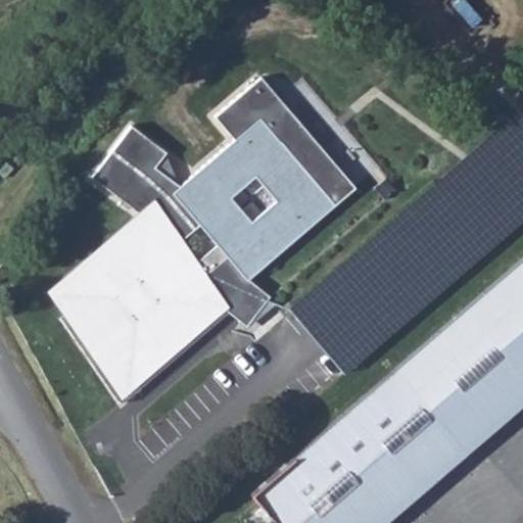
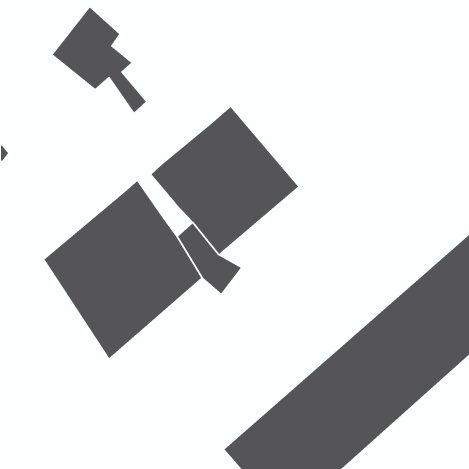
building: [215,79,363,209] -> none
building: [92,124,197,242] -> [52,6,147,114]

